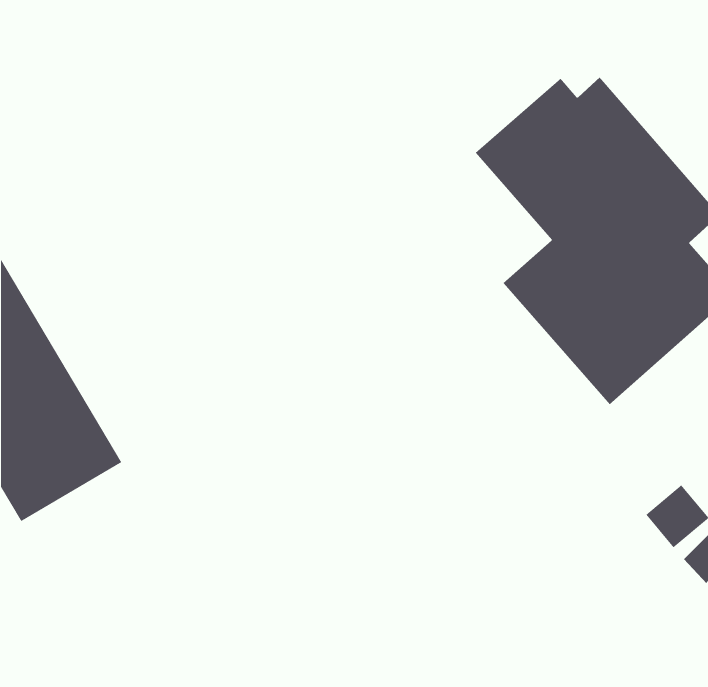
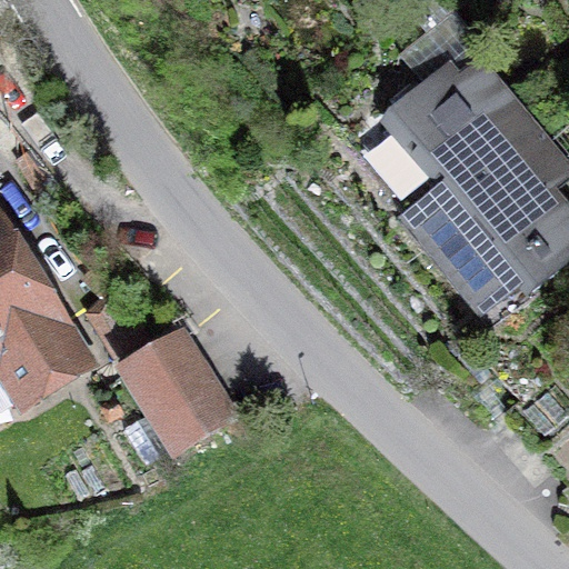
building: none -> [109,329,234,463]

